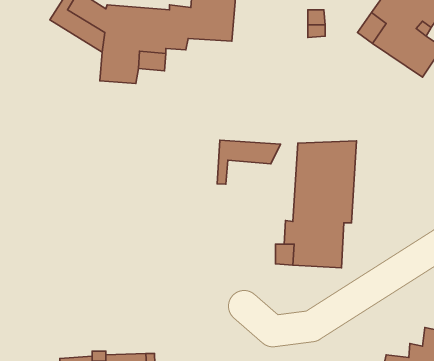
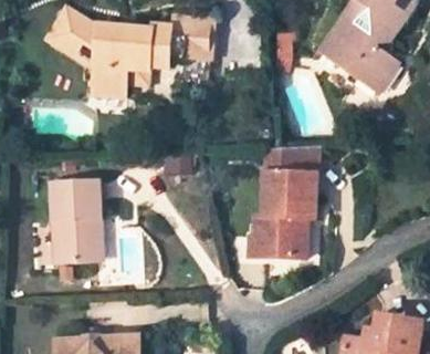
building: [217,140,281,184] -> none
building: none -> [52,180,101,263]

